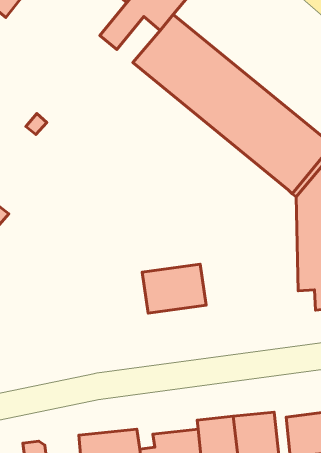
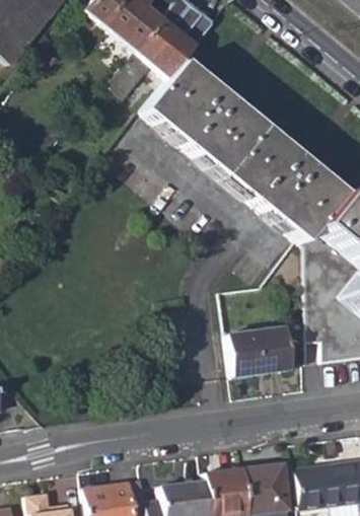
building: [142,264,206,313] -> [227,325,292,375]

